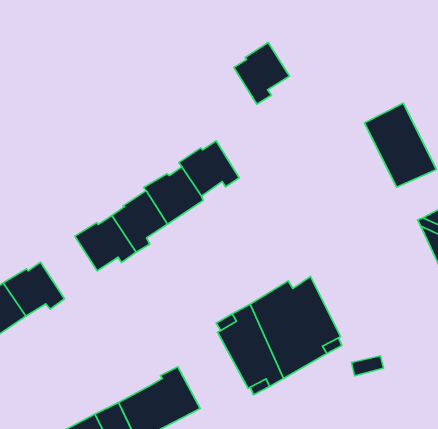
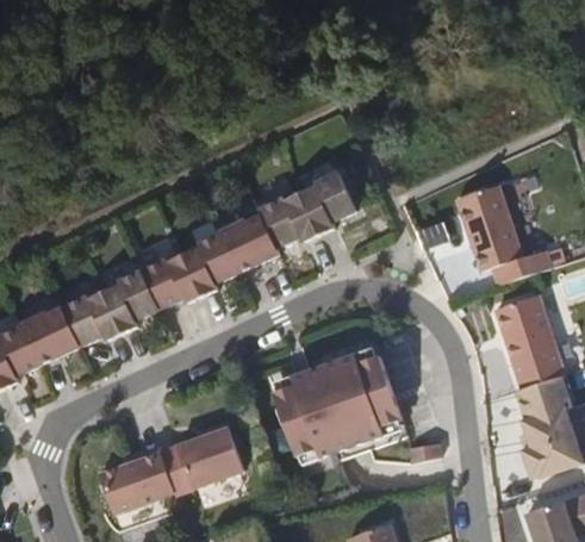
building: [234,43,290,104] -> [301,174,357,236]
building: none -> [101,270,158,334]

